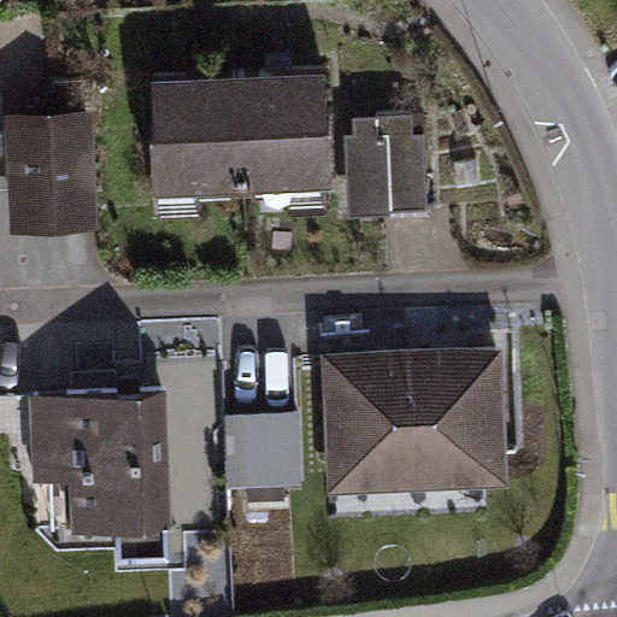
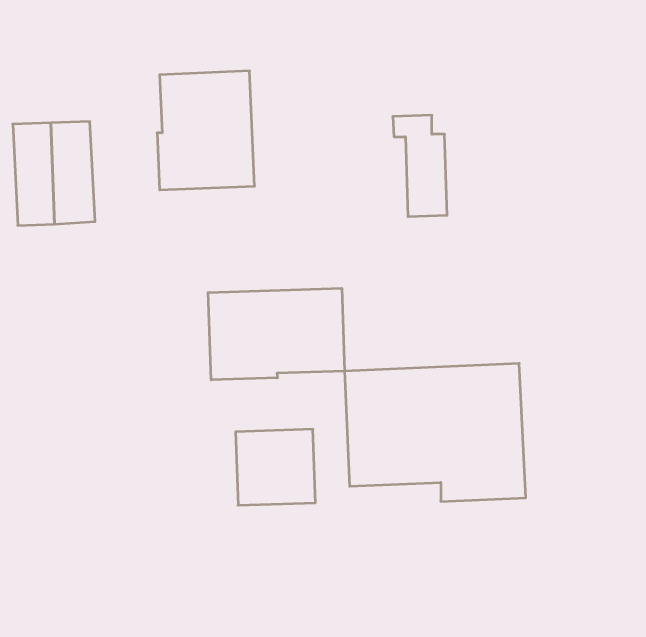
building: [237,74,331,187] -> none
building: none -> [208,288,345,380]
building: [33,395,168,564] -> none

